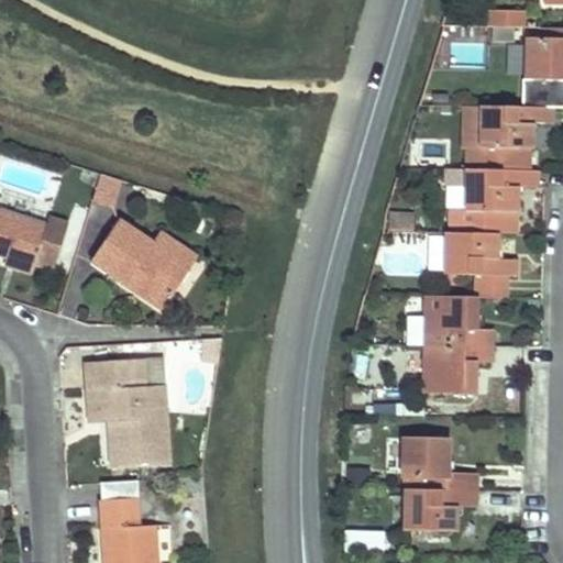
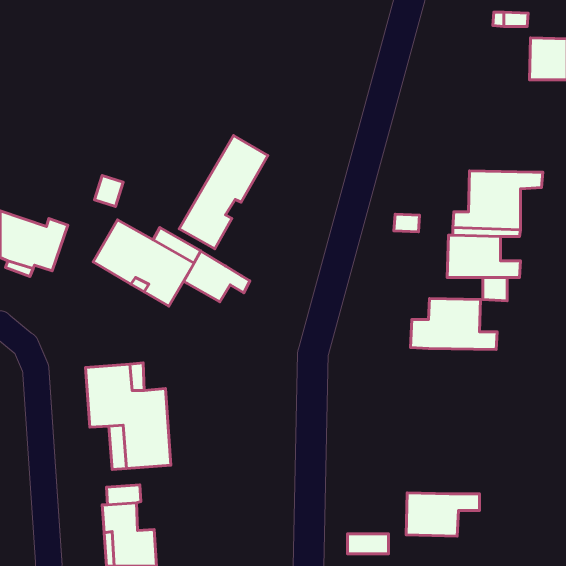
building: [462,104,553,170] -> none
building: none -> [179,136,268,249]
building: none -> [184,251,250,302]
building: [424,345,493,394] -> none
building: [401,435,477,489] -> none

